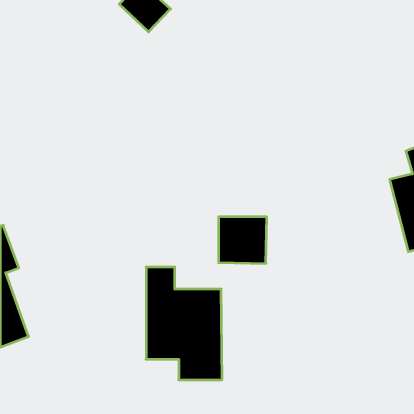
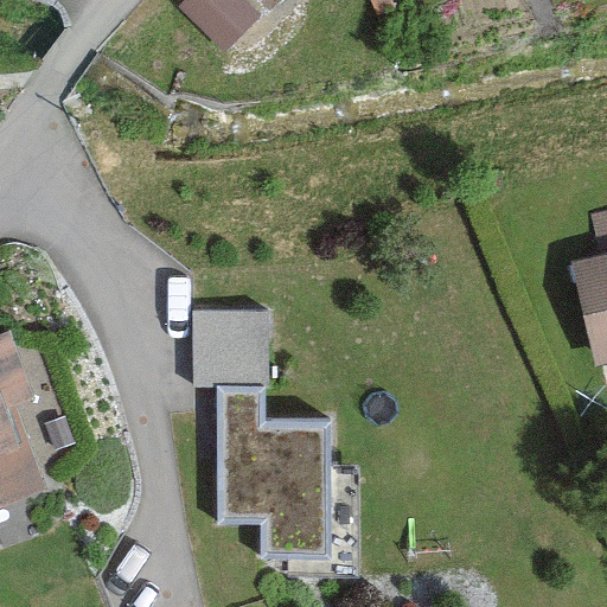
building: [219,217,267,263] -> [193,311,263,378]

